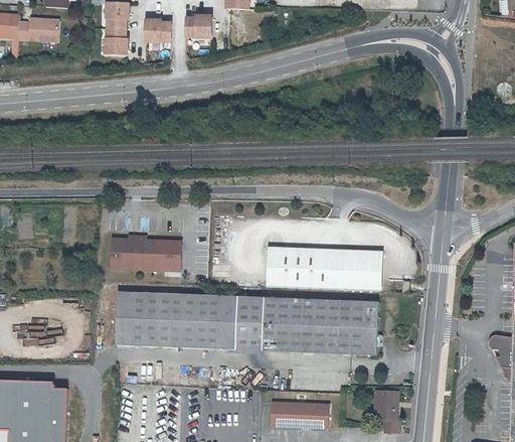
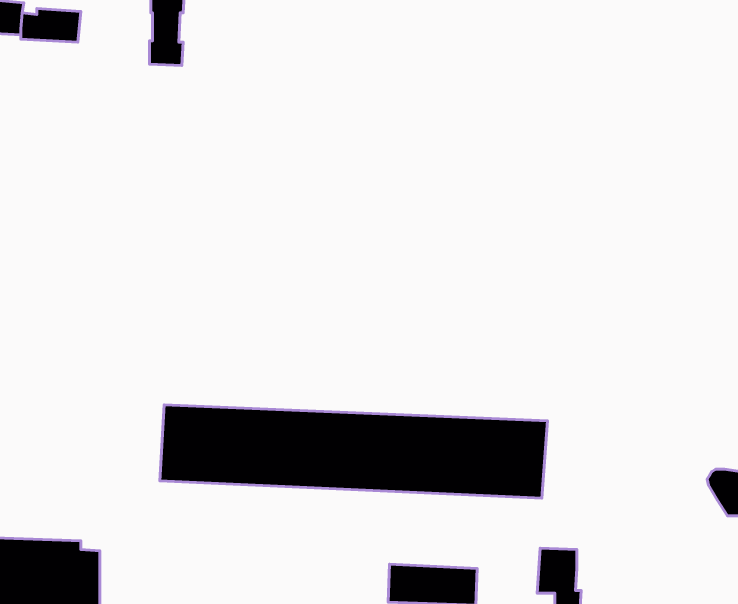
building: [185,16,211,39] -> none
building: [144,21,170,43] -> none
building: [109,234,183,271] -> none
building: [265,246,382,289] -> none

